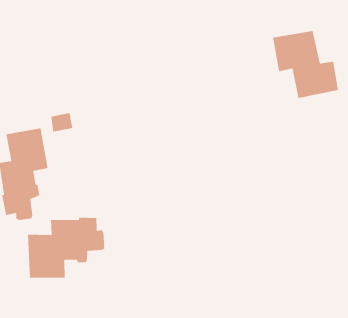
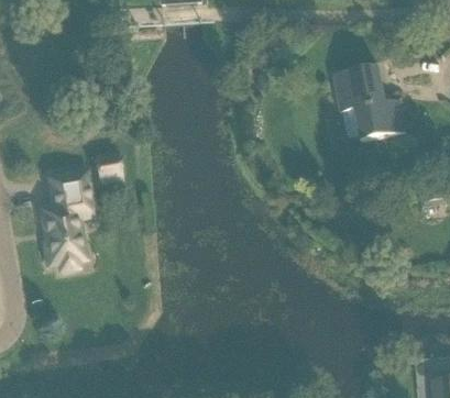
building: [27,217,105,278] -> none

